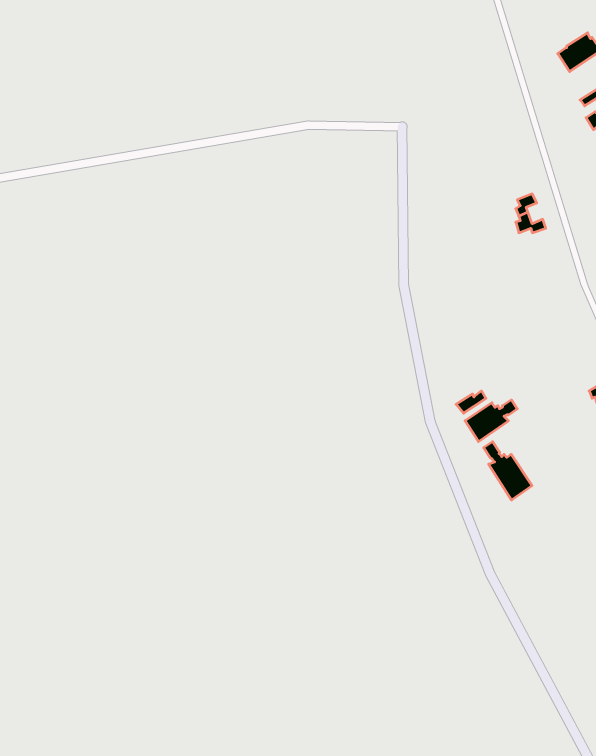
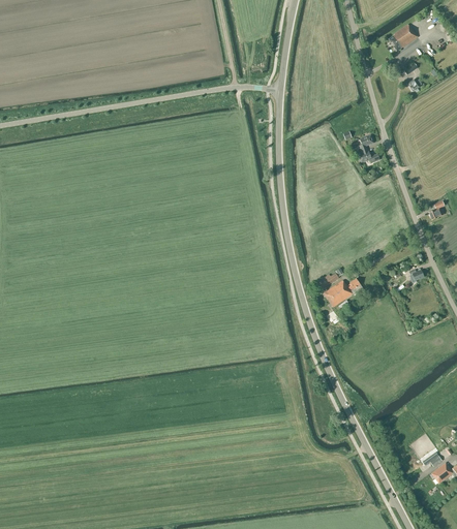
building: [484,442,532,500] -> none

